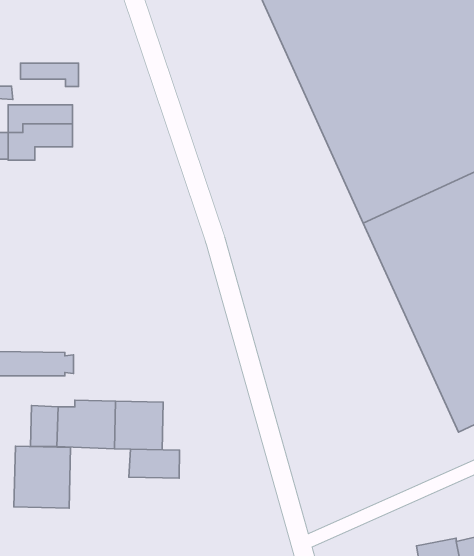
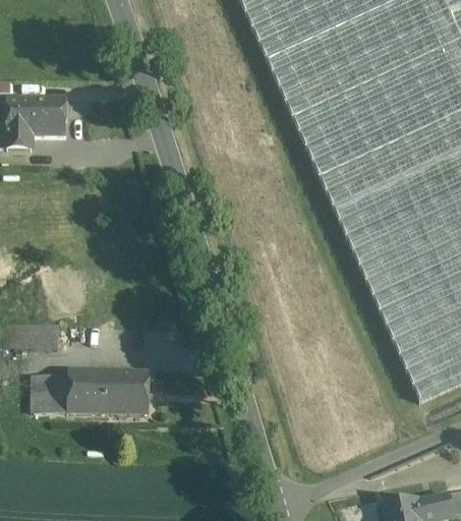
building: [20,63,78,87] -> none
building: [14,446,71,508] -> none
building: [129,449,179,478] -> none

